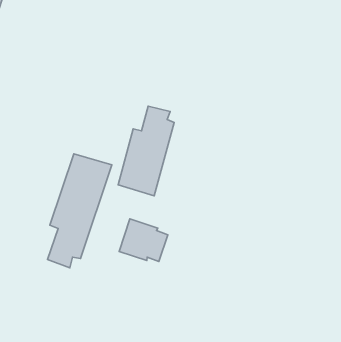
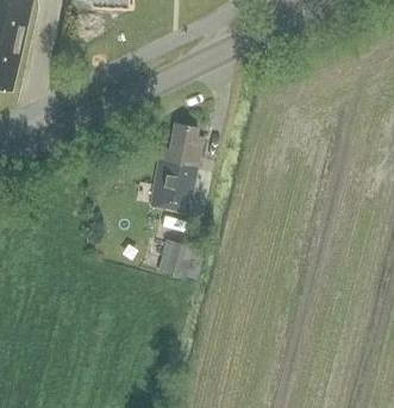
building: [48,154,112,268] -> none

